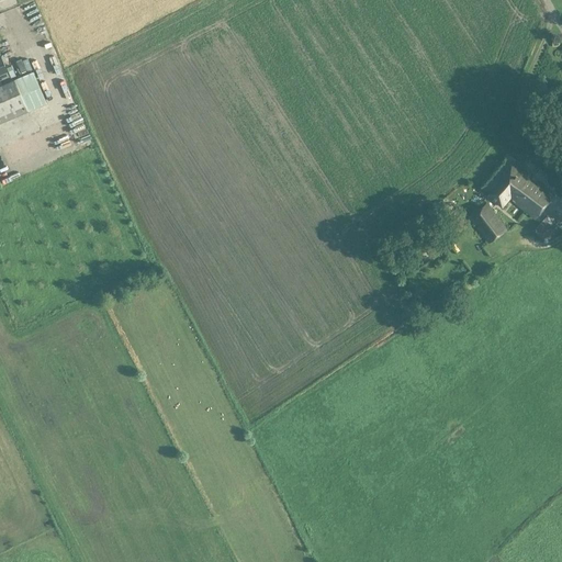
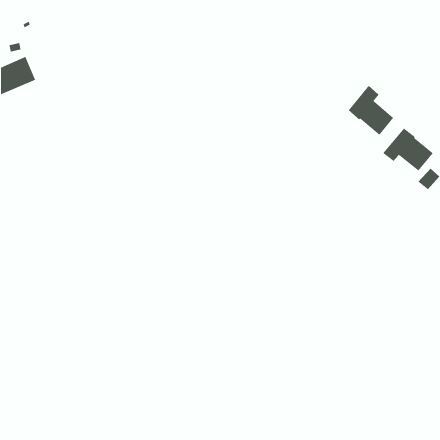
building: none -> [348,85,394,136]
building: [469,203,506,244] -> none

